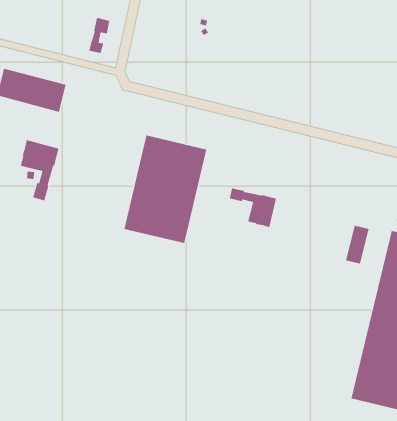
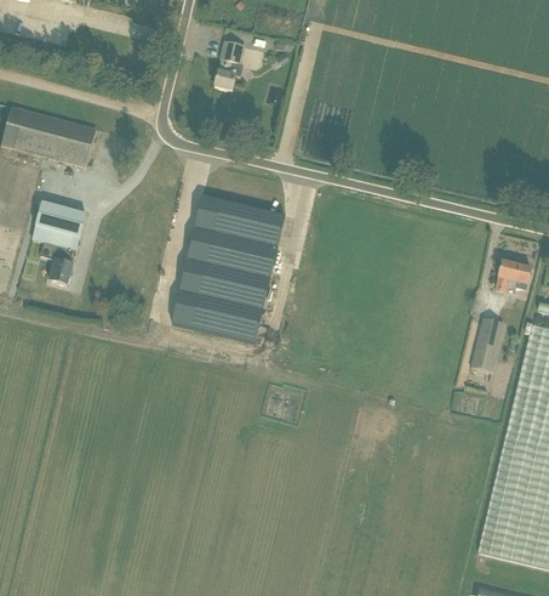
building: [89,17,110,54] -> [215,40,244,90]
building: none -> [496,261,531,291]
building: [229,187,277,228] -> none

